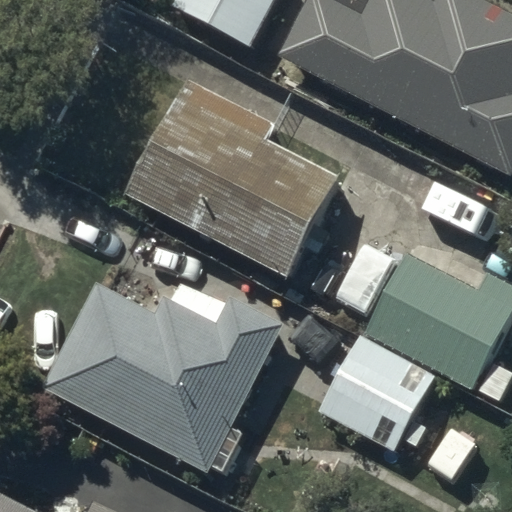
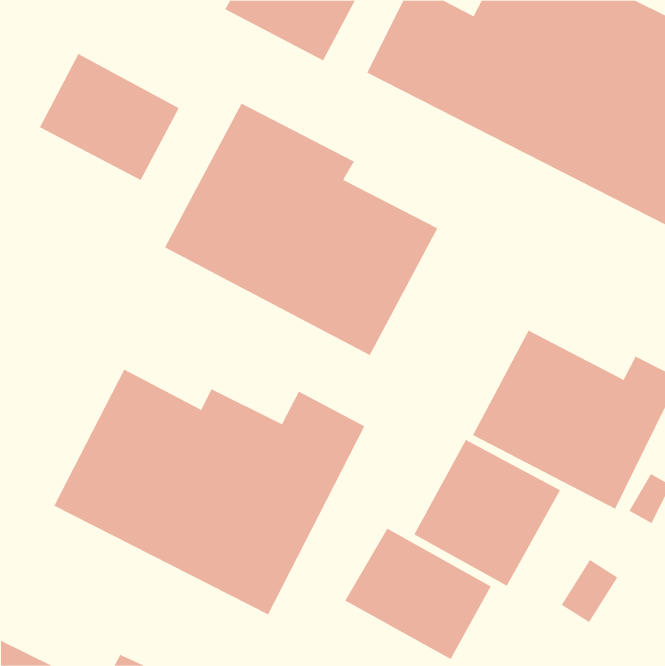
building: none -> [39,53,180,181]
building: none -> [344,528,492,660]

